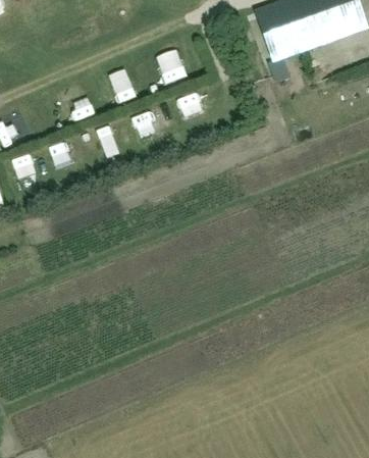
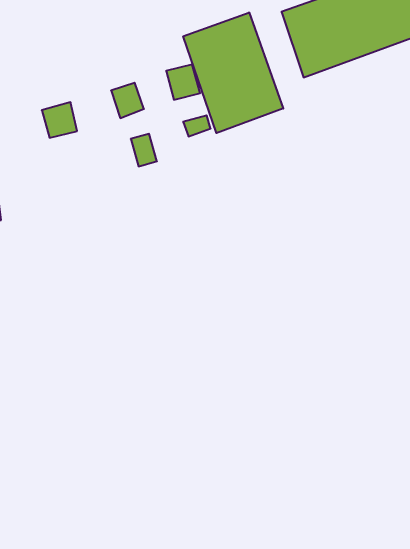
building: none -> [183,12,283,133]

